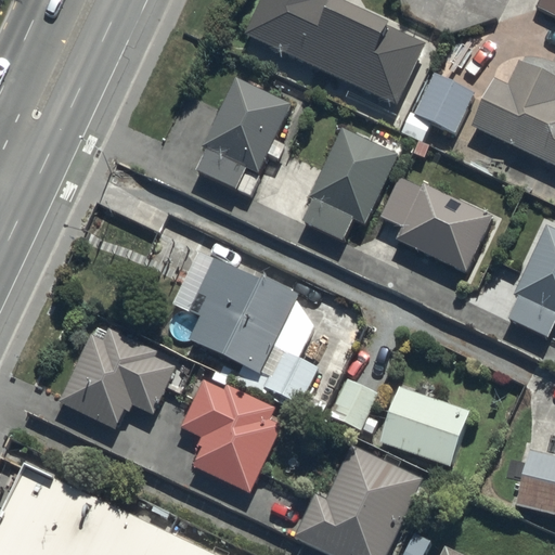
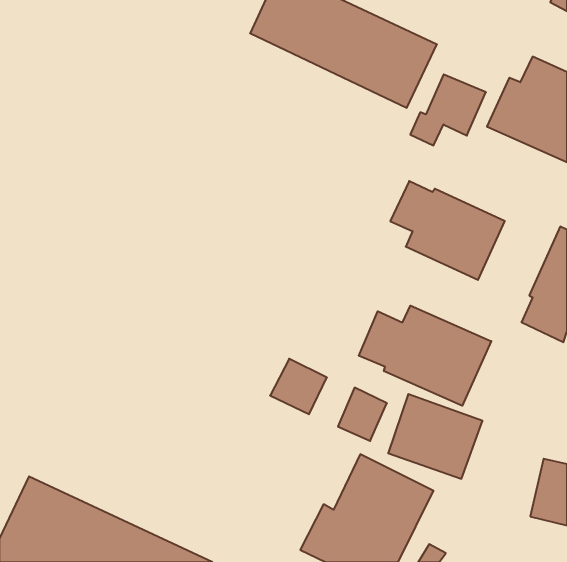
building: [196,78,292,195] -> none
building: [304,128,398,238] -> none
building: [188,260,299,375] -> none
building: none -> [359,306,491,406]
building: [60,328,176,429] -> none
building: [181,380,281,492] -> none

